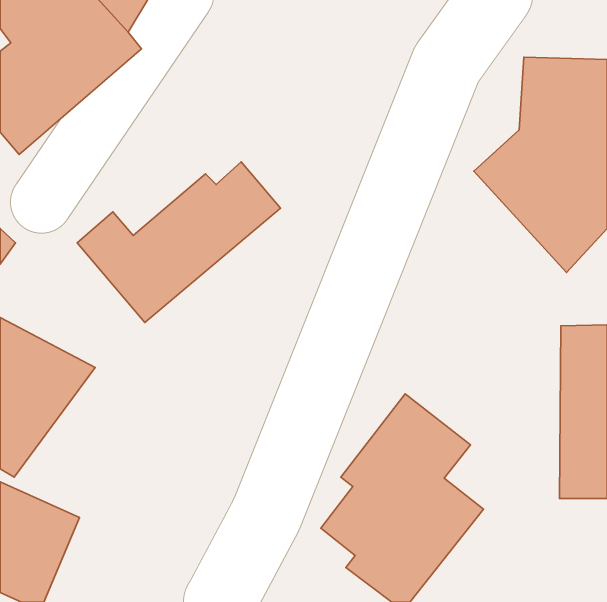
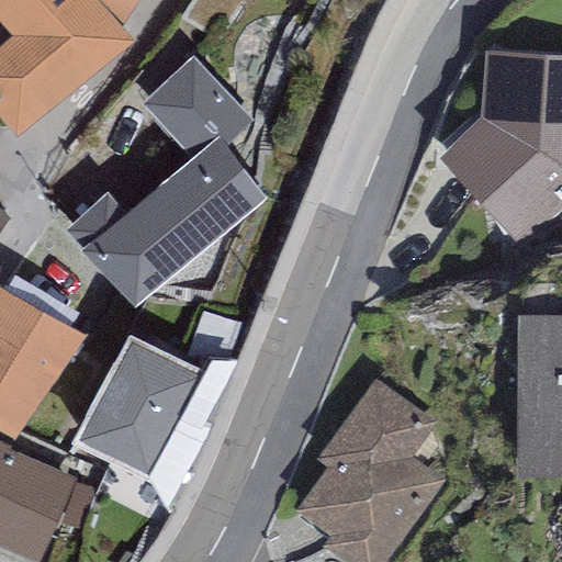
building: none -> [143,63,250,170]
building: none -> [72,341,196,479]

